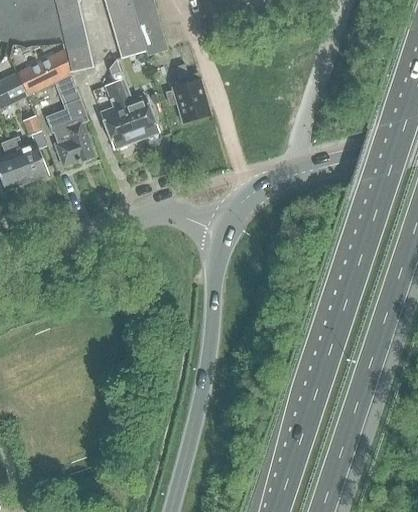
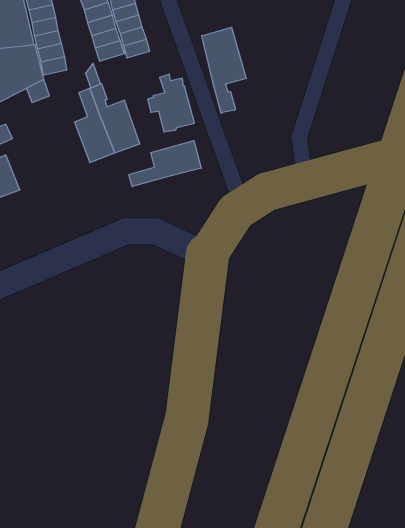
building: none -> [202,27,246,113]
building: [48,103,92,164] -> none
building: none -> [129,141,201,187]

